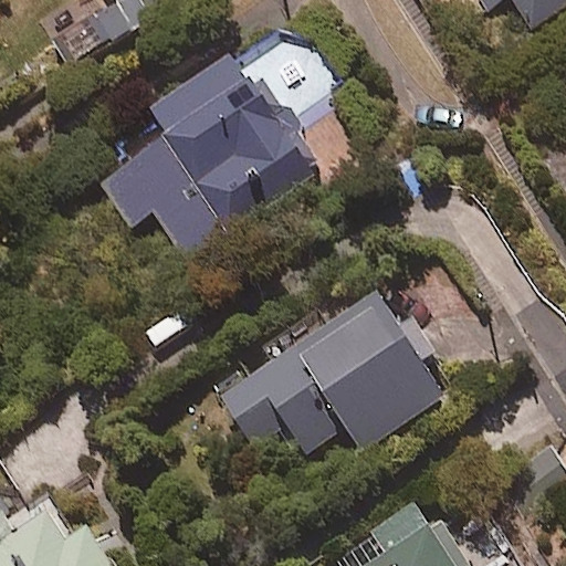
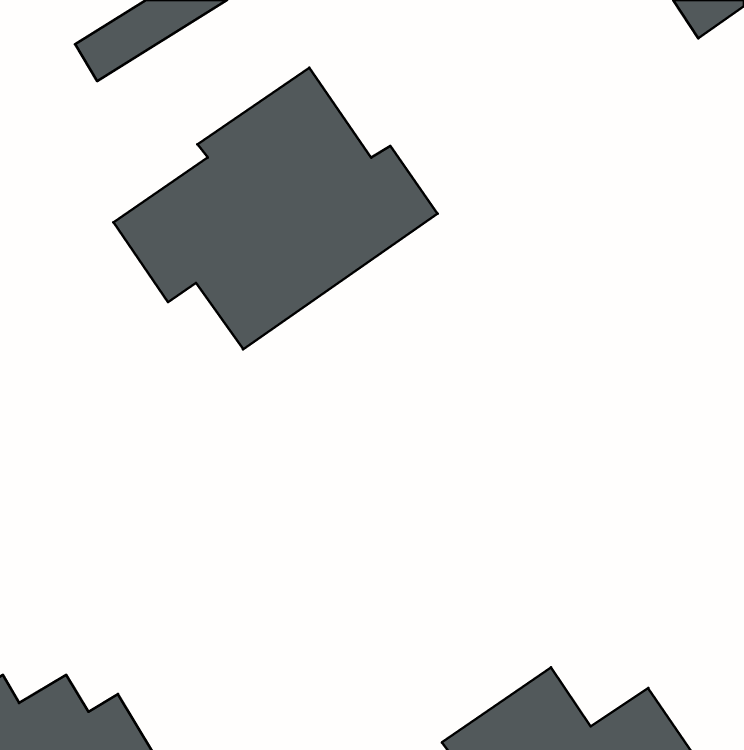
building: [218,291,450,454] -> none

